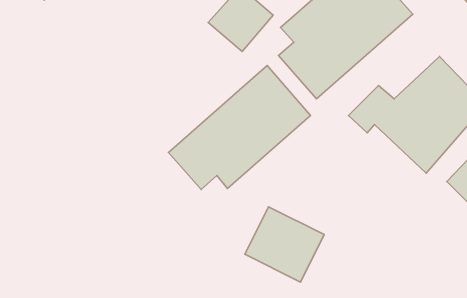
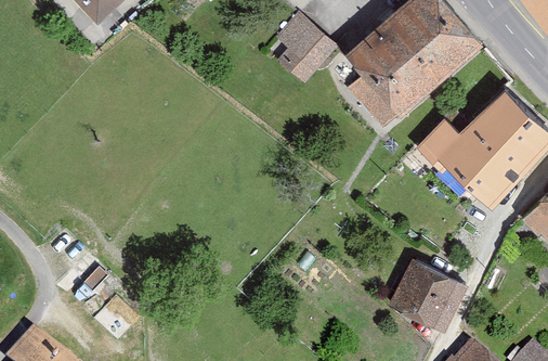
building: [168,66,310,189] -> none
building: [245,207,324,282] -> [387,253,470,332]

